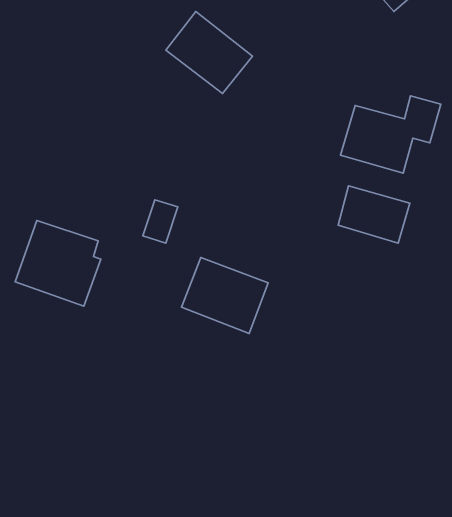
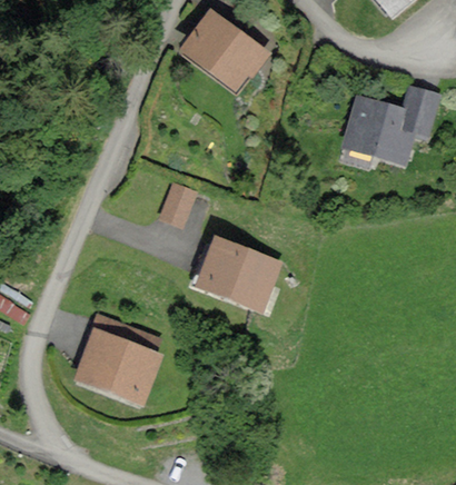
building: [338,186,410,243] -> none
building: [15,220,101,306] -> [78,320,157,399]

